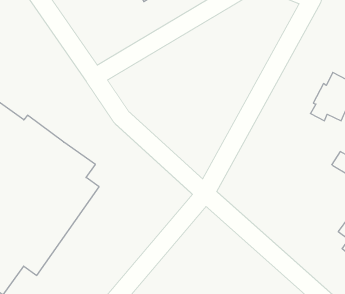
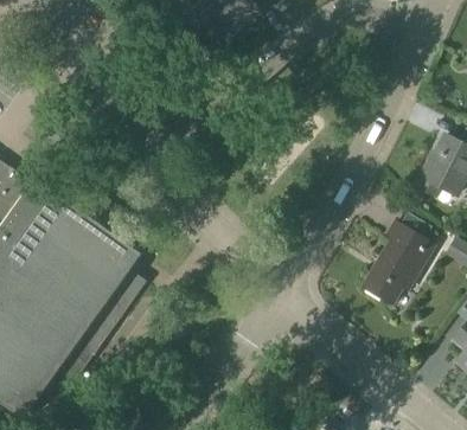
building: none -> [364,218,435,301]

